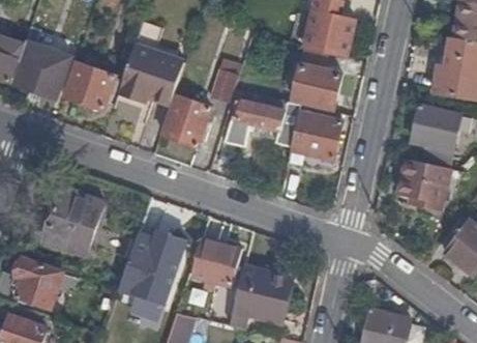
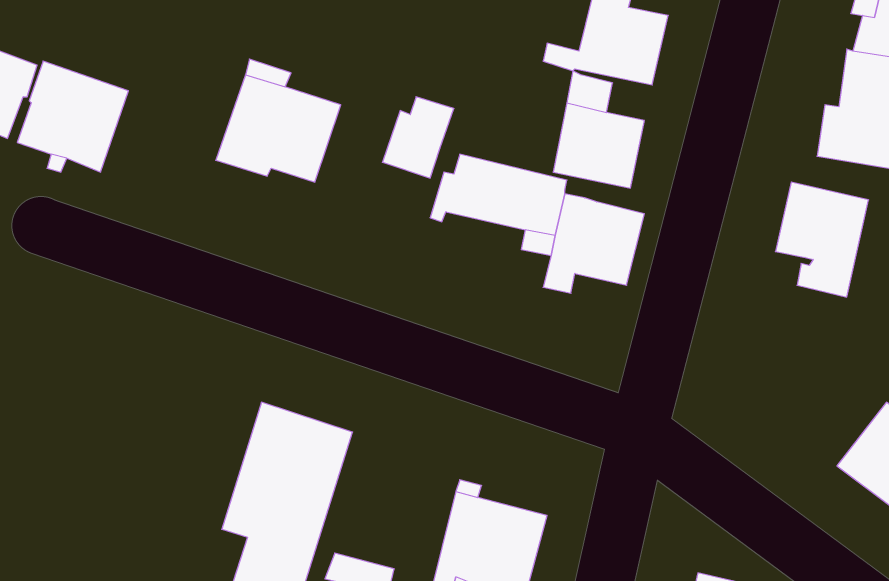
building: [65,63,114,109] -> none
building: [162,95,210,145] -> none
building: [397,159,446,203] -> none
building: [44,188,103,255] -> none
building: [191,238,241,287] -> none
building: [17,257,63,307] -> none

